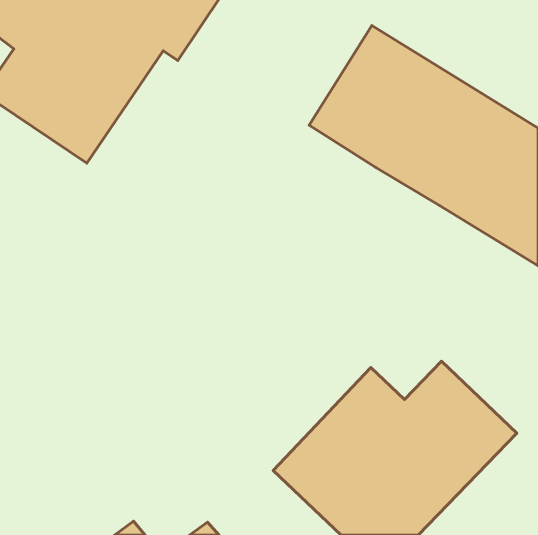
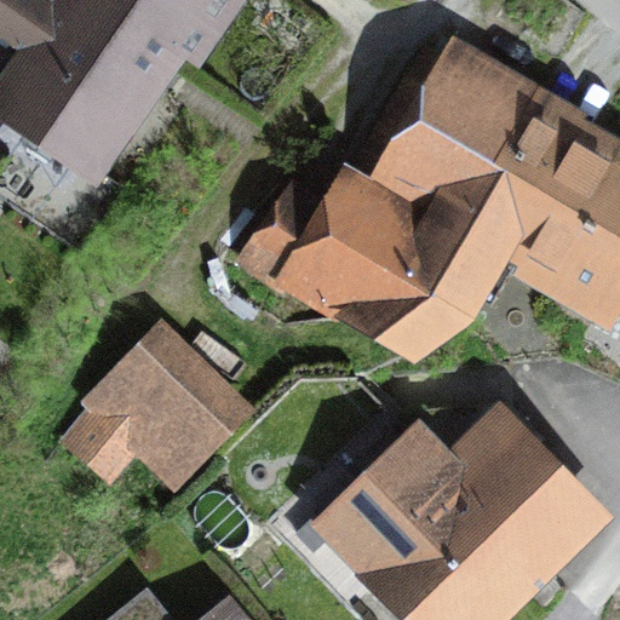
building: none -> [258,165,503,361]
building: none -> [62,320,260,501]

